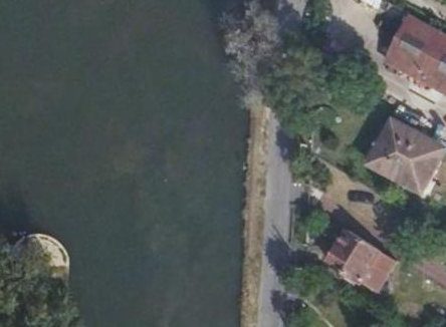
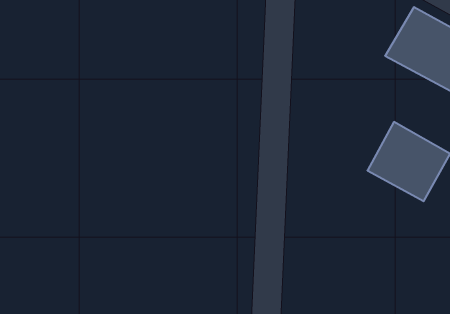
building: [325,229,398,290] -> none

